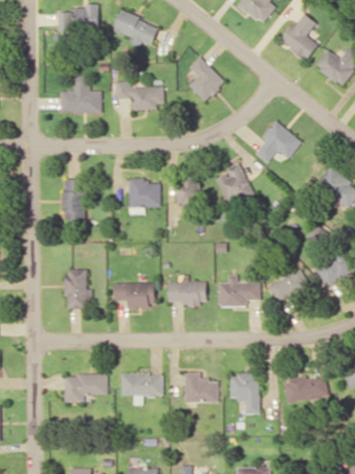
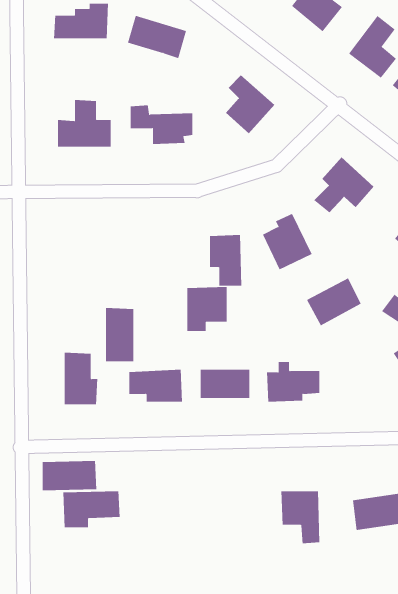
building: [63,179,85,220] -> [105,308,134,362]
building: [129,180,160,214] -> [187,287,228,331]
building: [269,269,311,306] -> [306,277,362,326]
building: [184,372,218,403] -> none
building: [121,373,163,397] -> [42,460,97,491]

